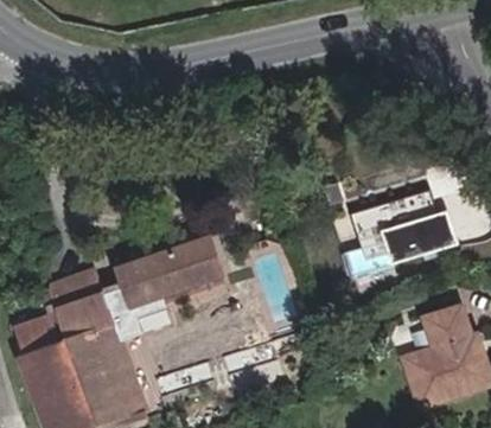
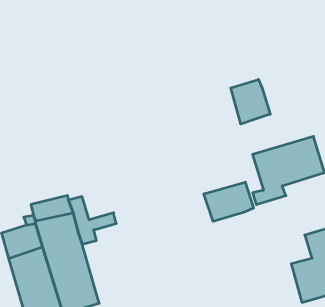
building: none -> [231,79,270,124]
building: [126,242,228,300] -> none
building: none -> [204,182,254,221]

